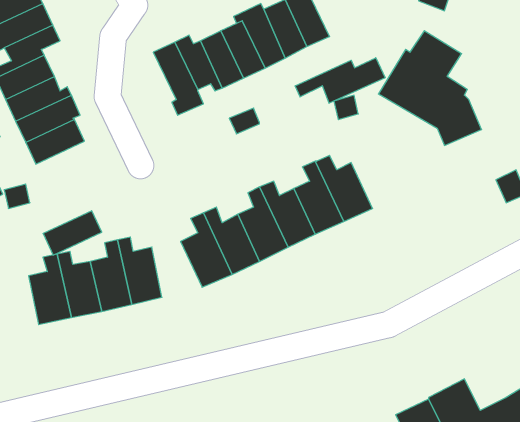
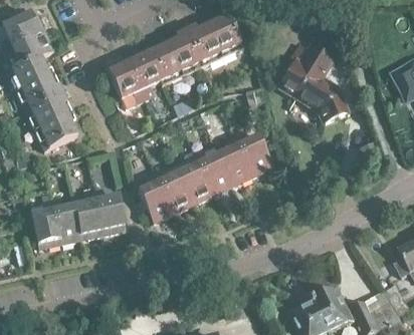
building: none -> [105,57,136,98]
building: [295,58,385,103] -> none
building: [43,211,102,255] -> [37,119,78,150]

